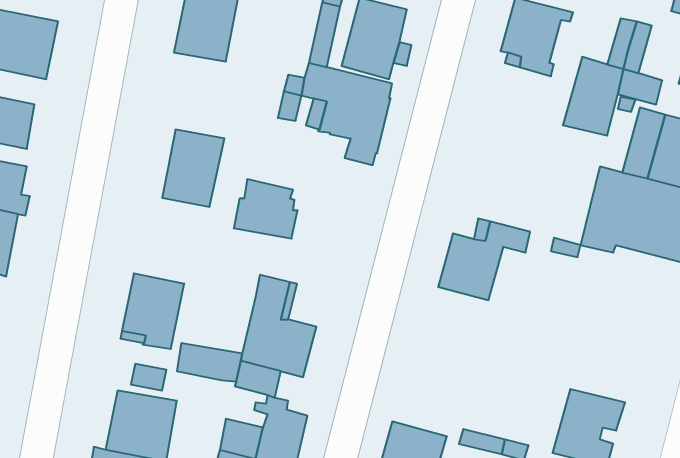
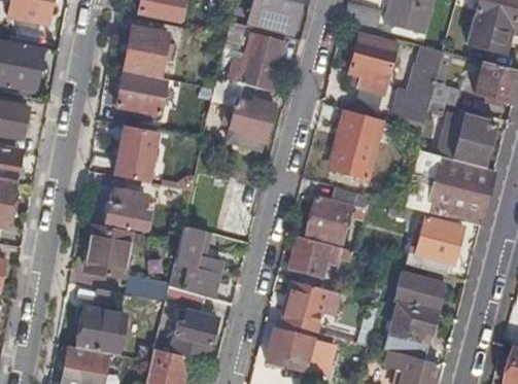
building: none -> [117,72,168,115]
building: none -> [334,110,384,181]
building: [234,179,298,239] -> [106,189,150,231]
building: none -> [410,217,464,275]
building: none -> [290,237,353,277]
building: none -> [394,273,445,315]
building: none -> [276,279,334,329]

